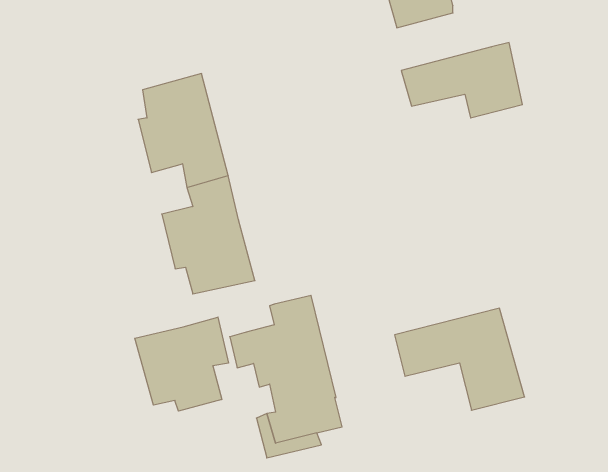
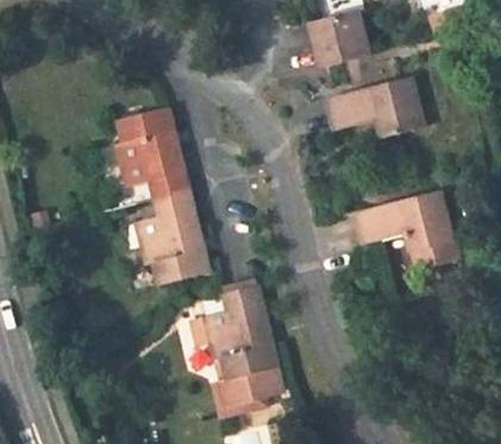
building: [395,308,525,410] -> [353,190,458,273]
building: [135,317,228,411] -> none

